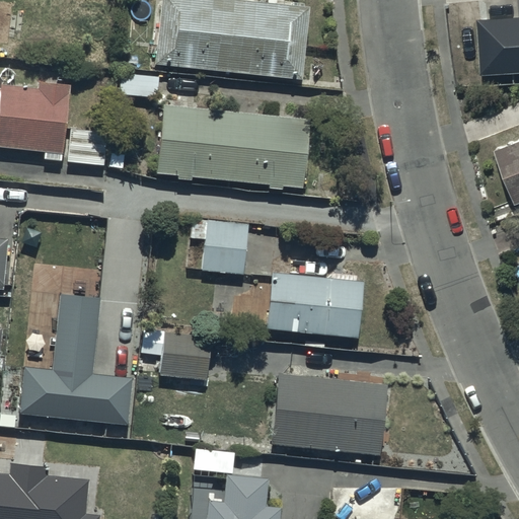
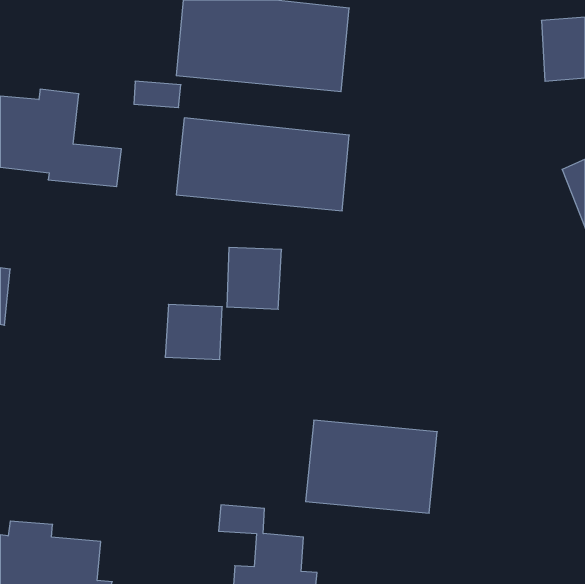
building: [267,272,364,338] -> none
building: [15,291,130,421] -> none
building: [160,332,211,381] -> [165,304,222,359]

